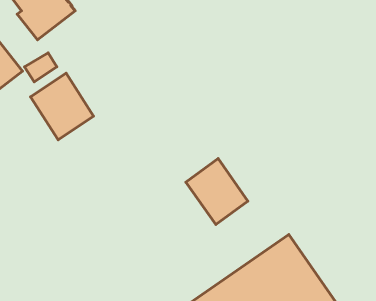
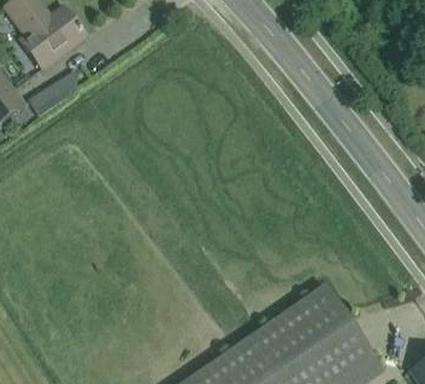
building: [30,73,94,140] -> none
building: [186,159,248,225] -> none

